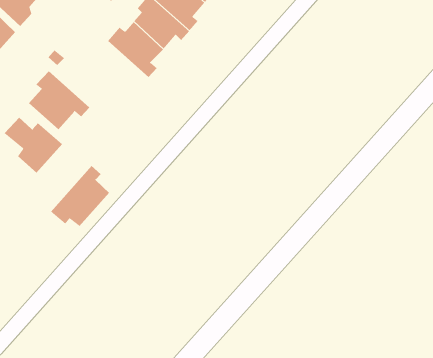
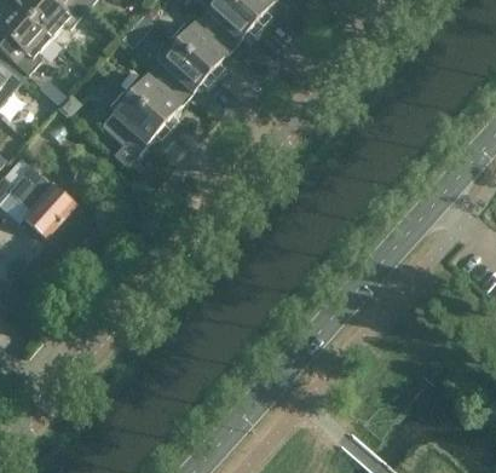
building: [28,70,90,130] -> [102,87,171,154]
building: [50,165,110,227] -> none

